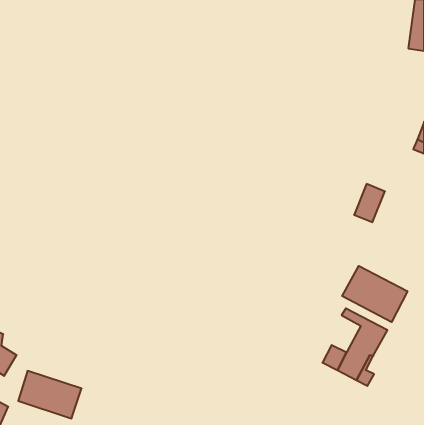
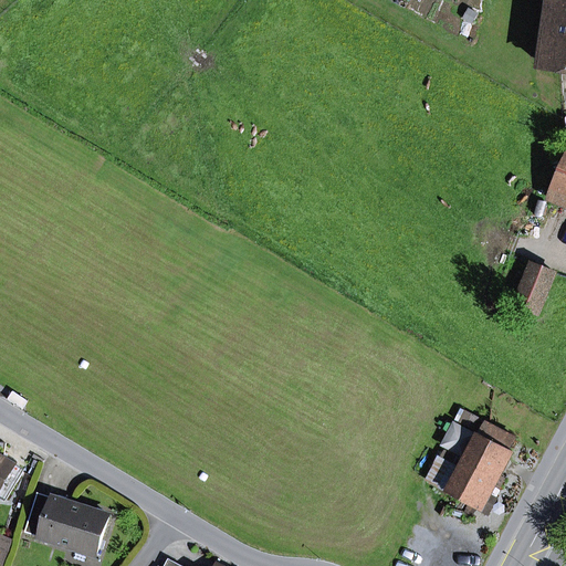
building: [354,184,385,222] -> [513,262,554,313]
building: [342,266,407,322] -> none

